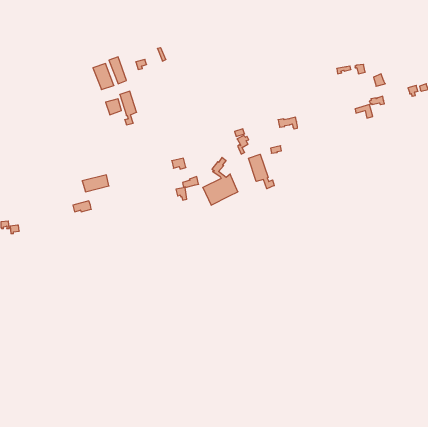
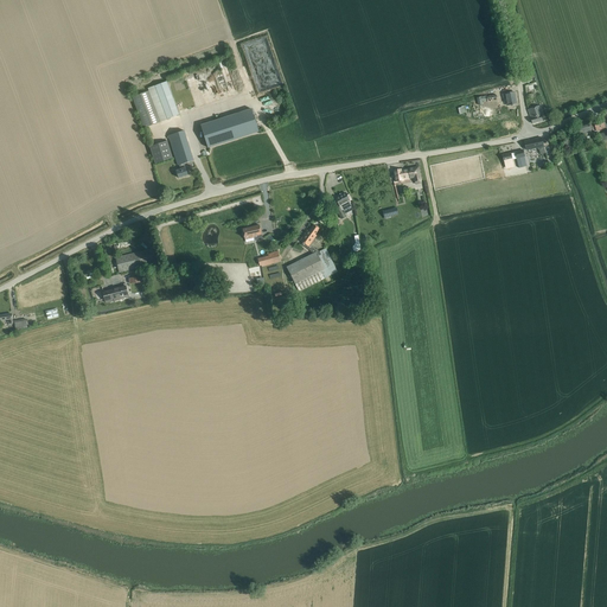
building: none -> [202,107,258,147]
building: [248,154,274,189] -> none

